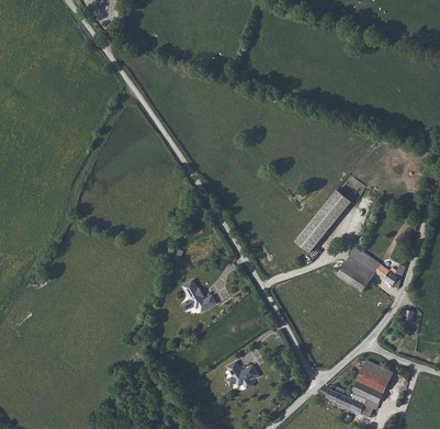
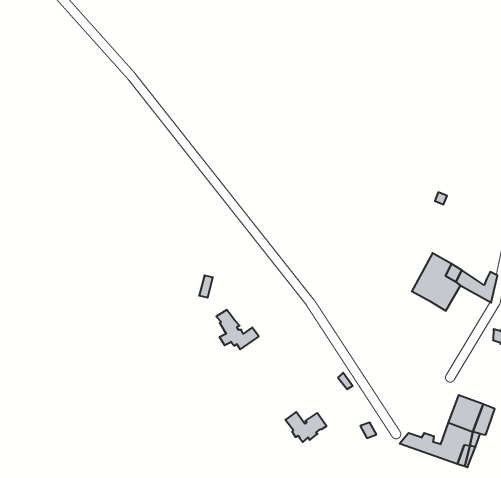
building: [295,190,350,252] -> none

